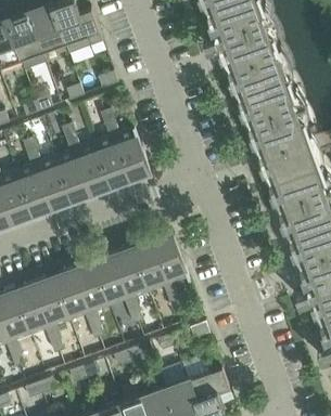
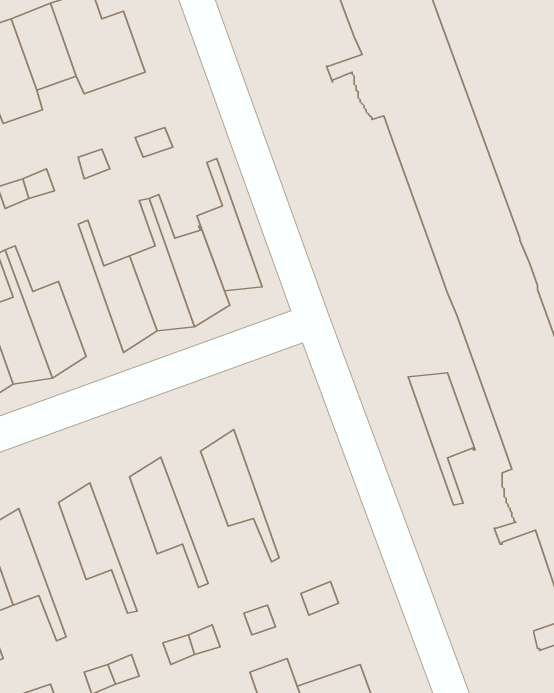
building: [54,126,90,198] -> [197,159,262,291]
building: [151,236,188,309] -> [408,373,475,505]
building: [111,250,148,323] -> none
building: [72,264,109,338] -> none
building: [33,278,69,352] -> none

